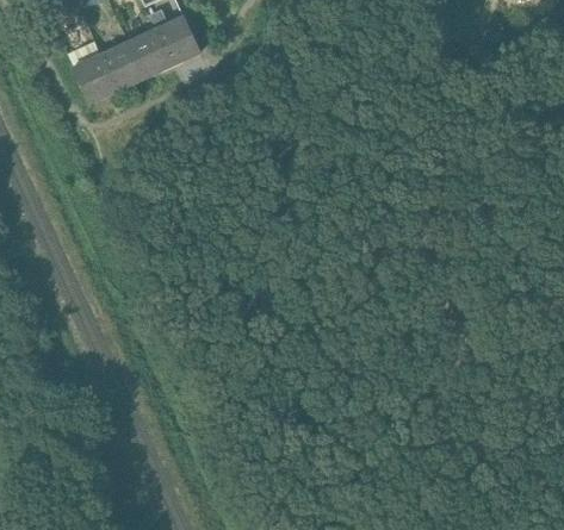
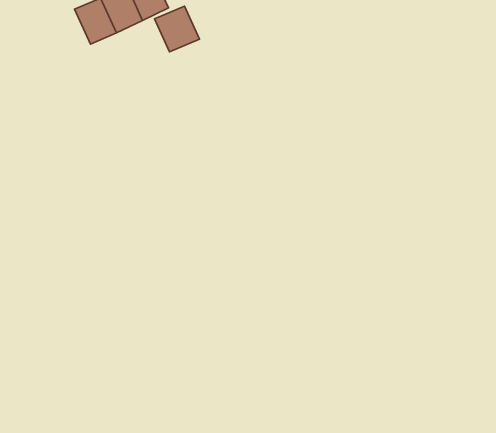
building: none -> [155,6,199,52]
building: [74,52,118,102] -> none

